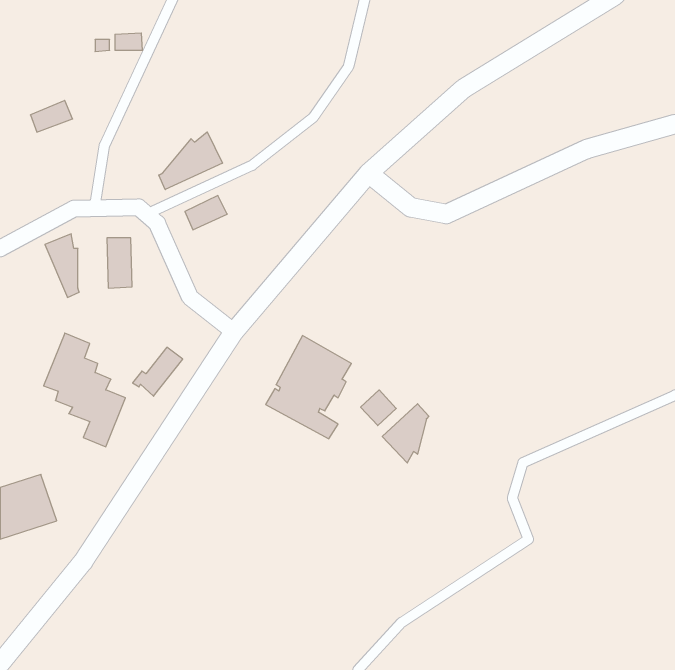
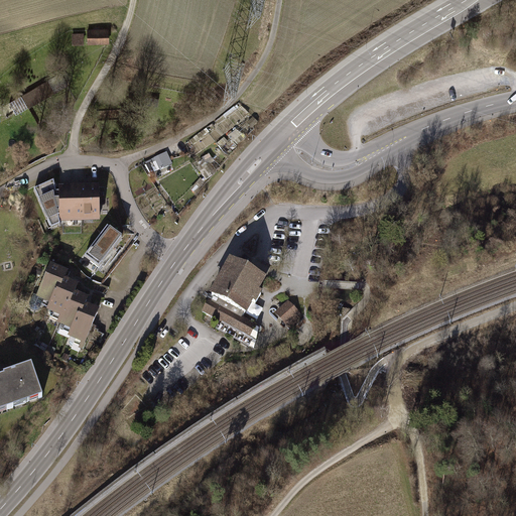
building: [159,132,222,190] -> none
building: none -> [59,181,83,220]
building: [133,347,183,396] -> [85,227,123,264]
building: [382,404,429,463] -> none

